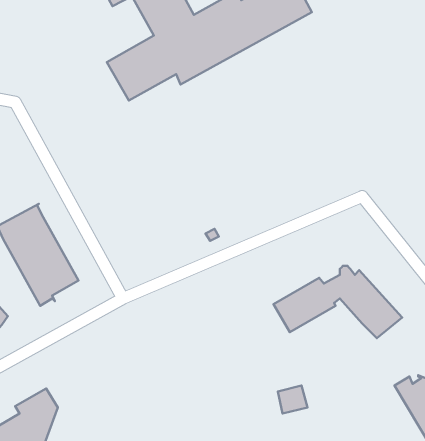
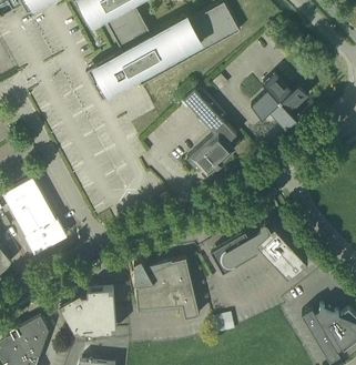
building: none -> [253,73,308,131]
building: none -> [180,90,236,174]
building: none -> [134,258,200,320]
building: none -> [60,288,116,335]

